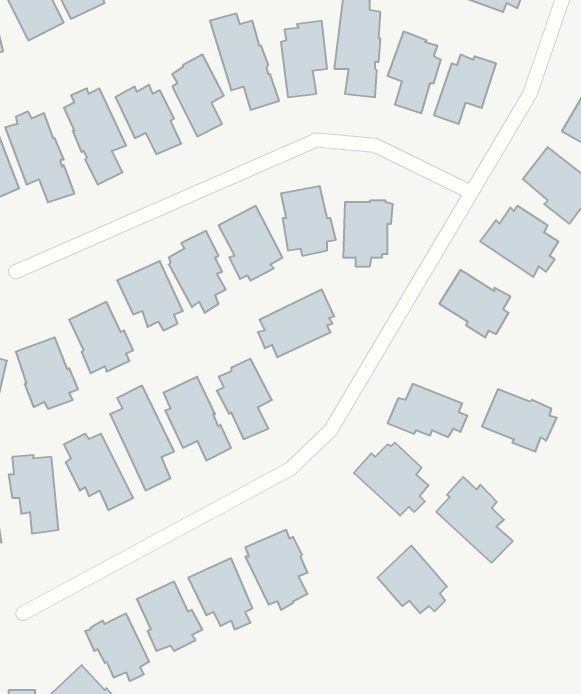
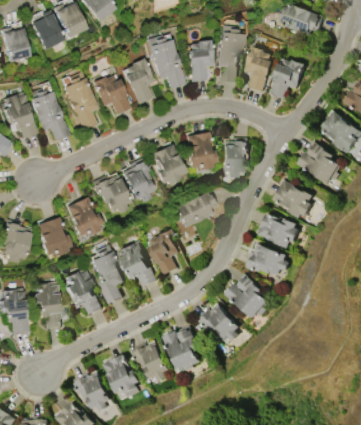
building: [482,389,557,452] -> [259,213,301,248]
building: [436,477,513,563] -> none
building: [377,546,447,613] -> [201,304,240,342]

